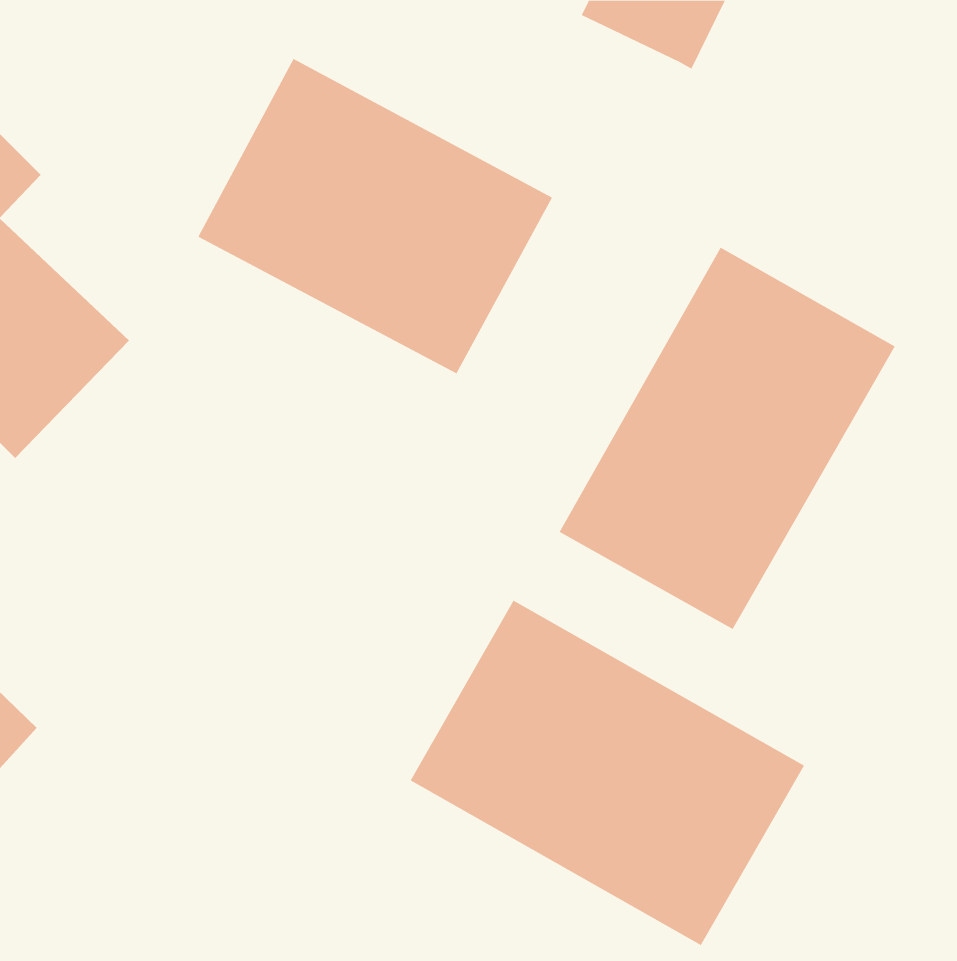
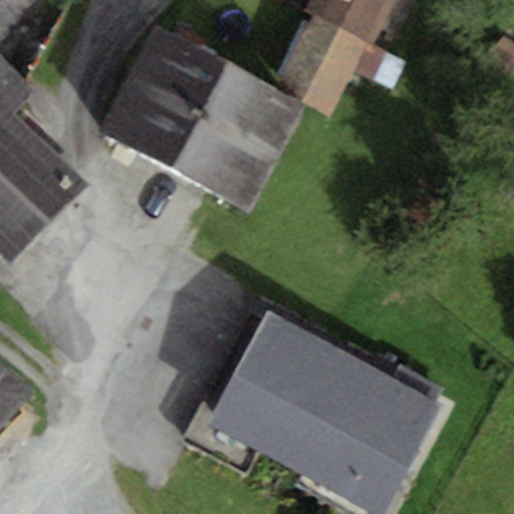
building: none -> [282,12,362,107]
building: [559,247,896,630] -> none

